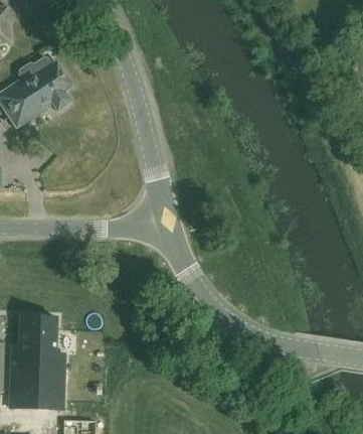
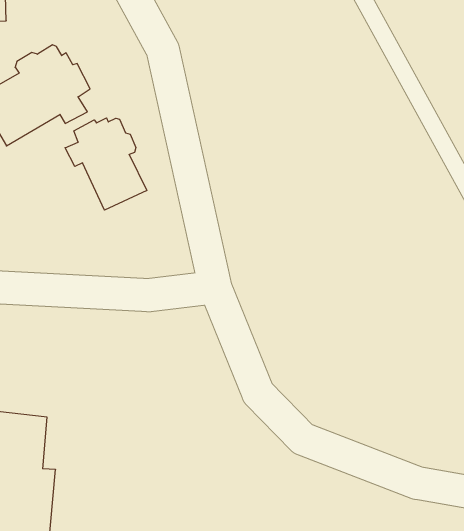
building: none -> [65,118,147,210]

